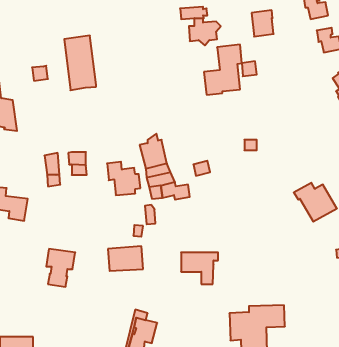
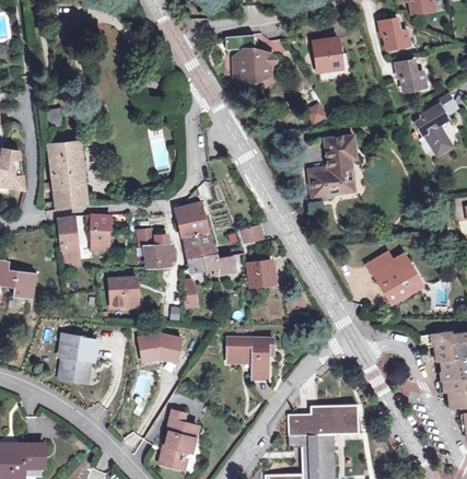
building: [64,36,96,90] -> [48,142,87,210]
building: [204,45,242,95] -> [310,136,357,198]
building: none -> [248,261,276,288]
building: none -> [110,279,131,307]

